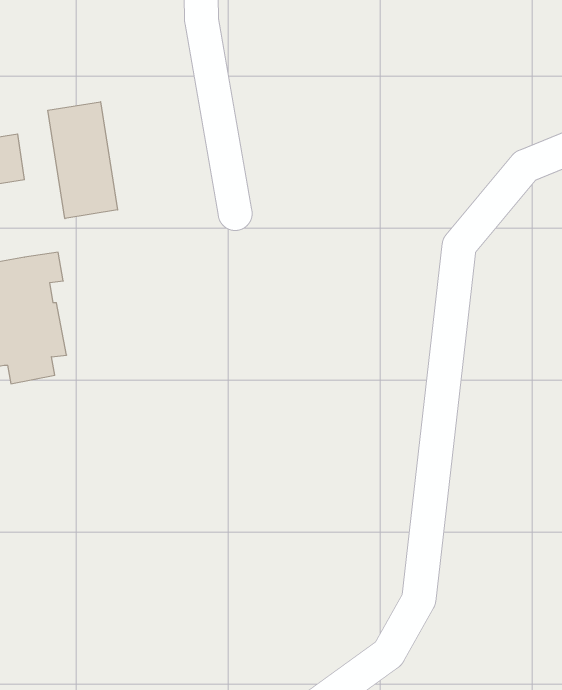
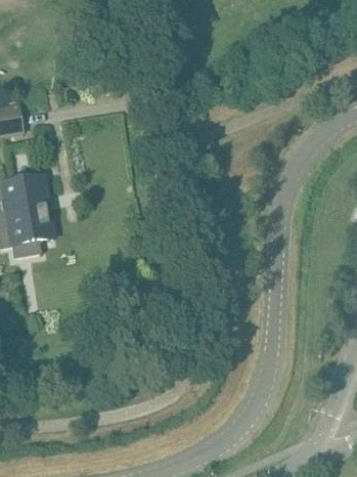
building: [48,102,118,219] -> none

